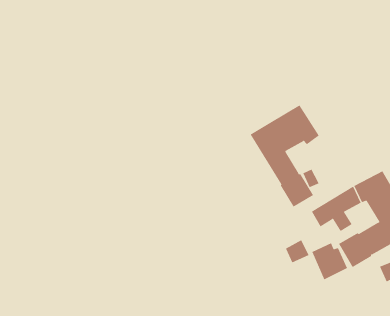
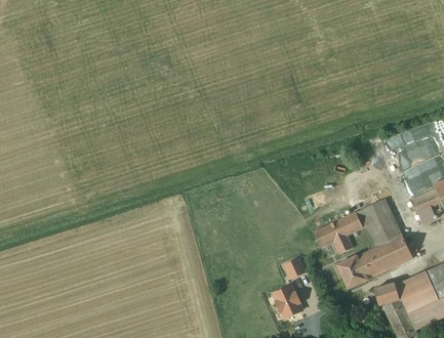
building: [250,104,319,207] -> none
building: [312,243,348,280] -> [276,284,309,319]

